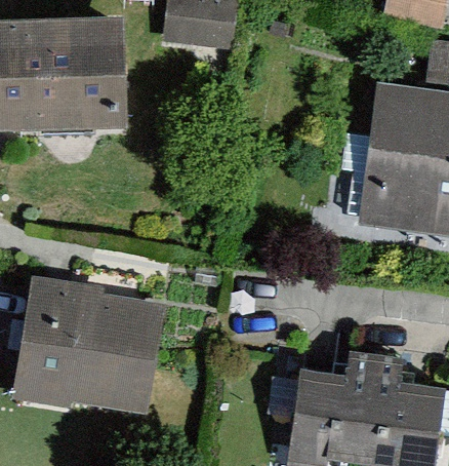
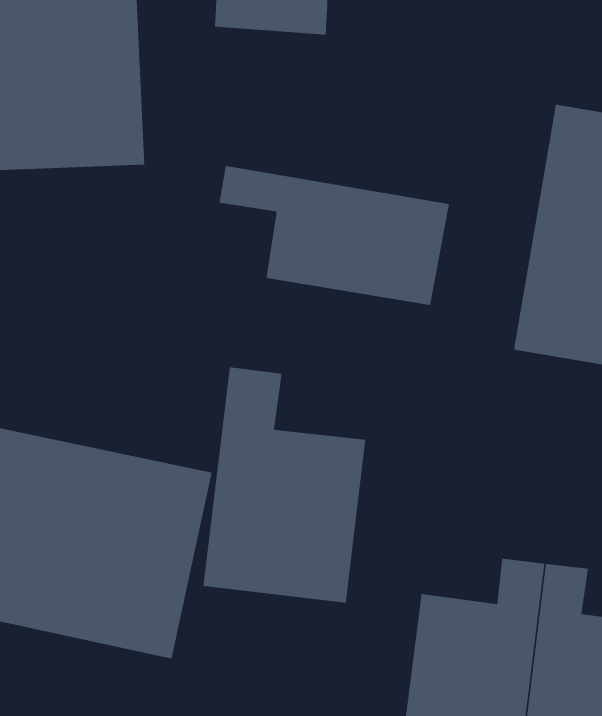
building: none -> [219,165,449,306]
building: none -> [203,366,366,603]

